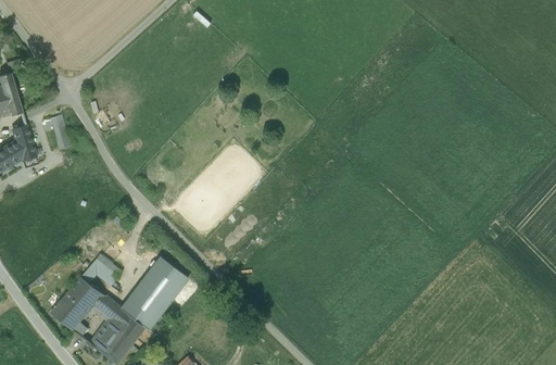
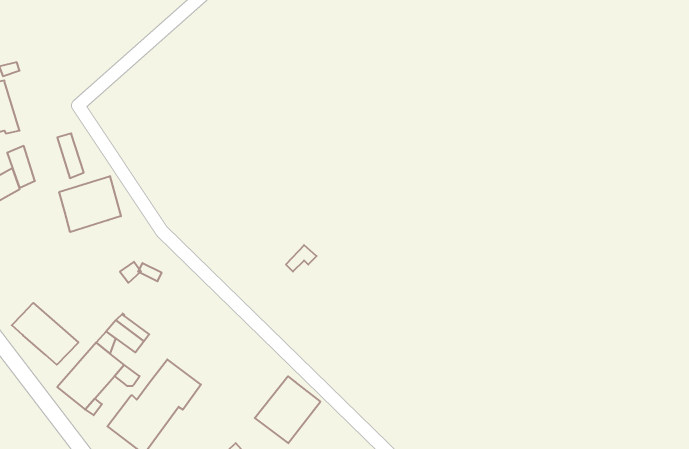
building: none -> [59,176,121,232]
building: none -> [12,303,78,365]
building: [136,259,187,311] -> [255,376,320,443]

